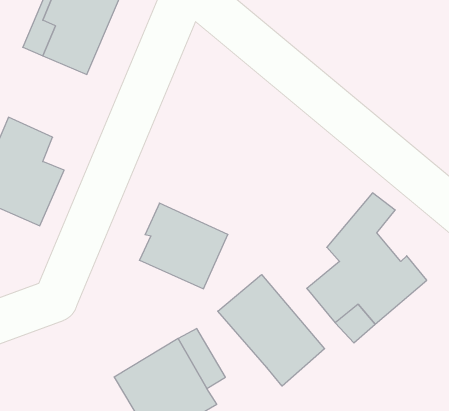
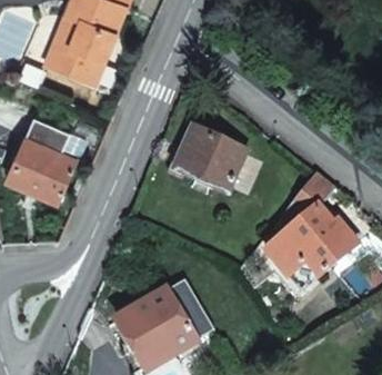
building: [139,203,228,289] -> [178,125,247,191]
building: [218,275,325,386] -> none

